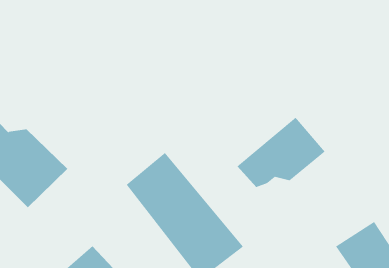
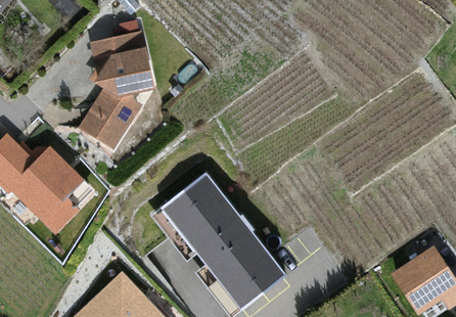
building: none -> [78,19,159,151]
building: [236,117,325,188] -> none

